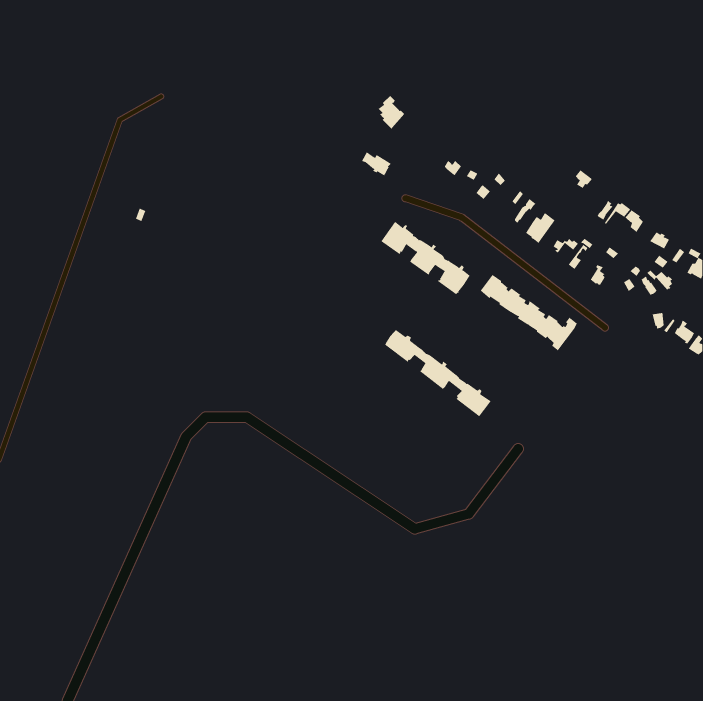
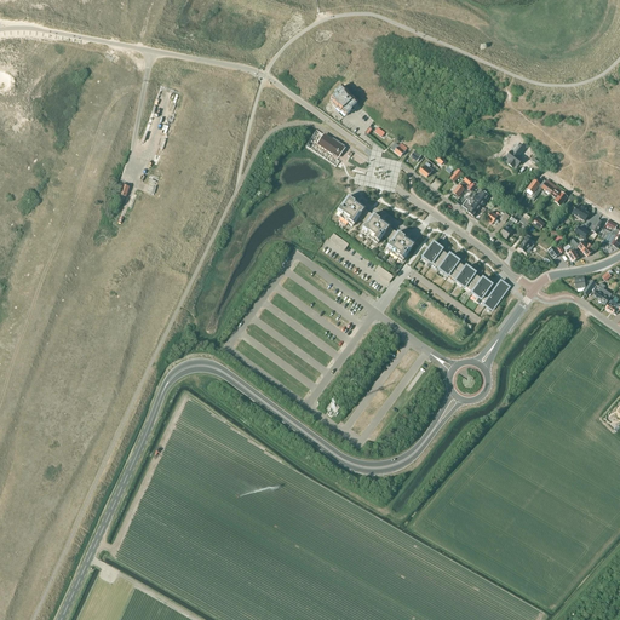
building: [384,328,492,417] -> none

